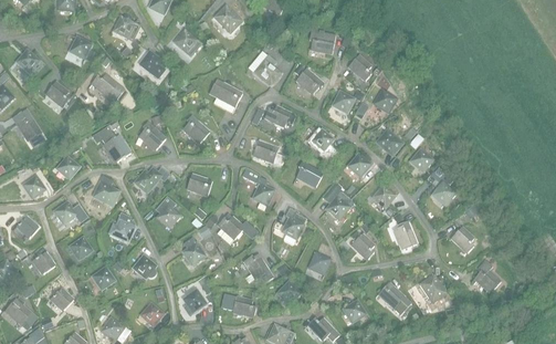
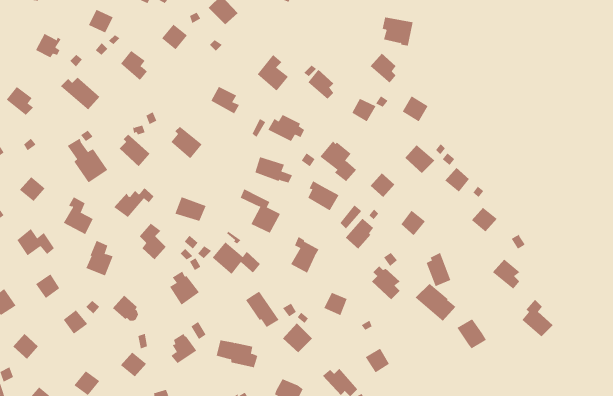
building: [308,29,335,53] -> [382,17,414,46]
building: [376,282,410,314] -> [415,283,456,322]

